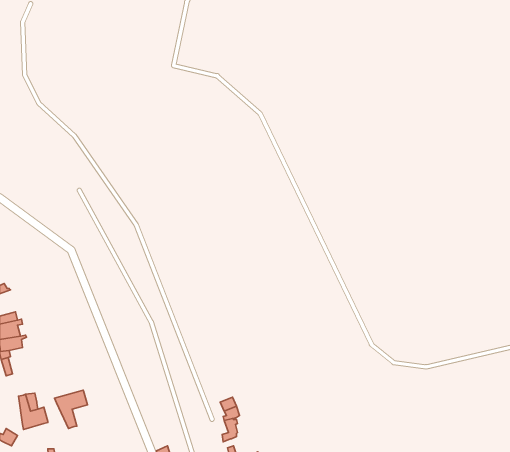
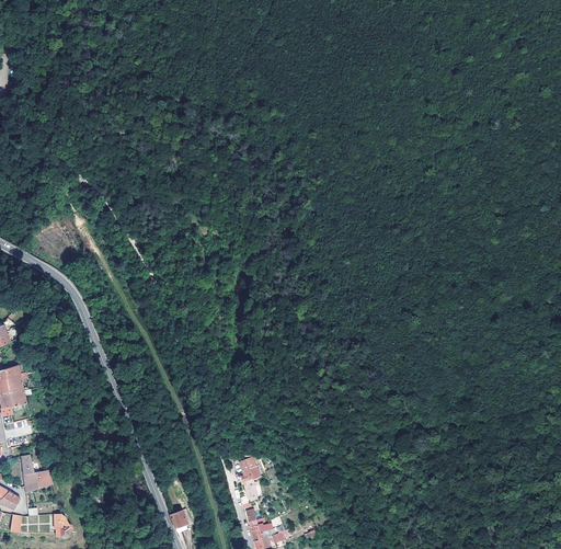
building: [55,390,88,428] -> none

